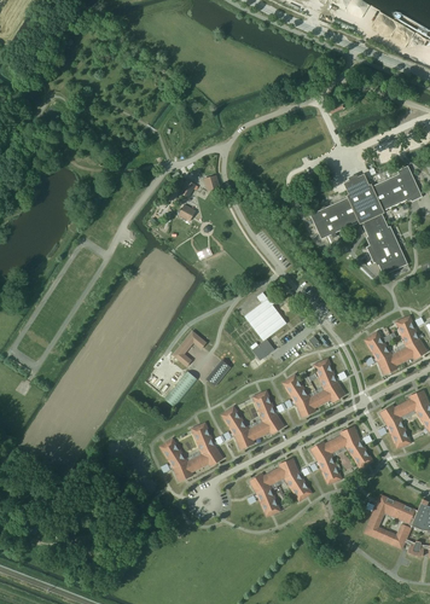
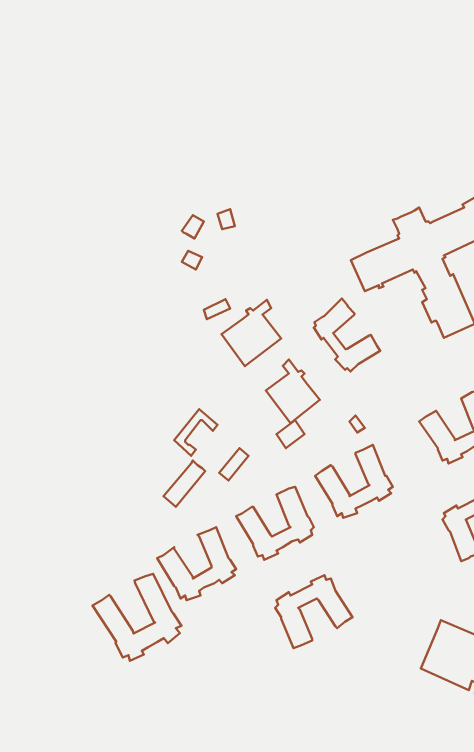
building: none -> [314,299,380,372]
building: none -> [221,300,281,366]
building: [312,429,373,486] -> none
building: none -> [92,574,181,661]

